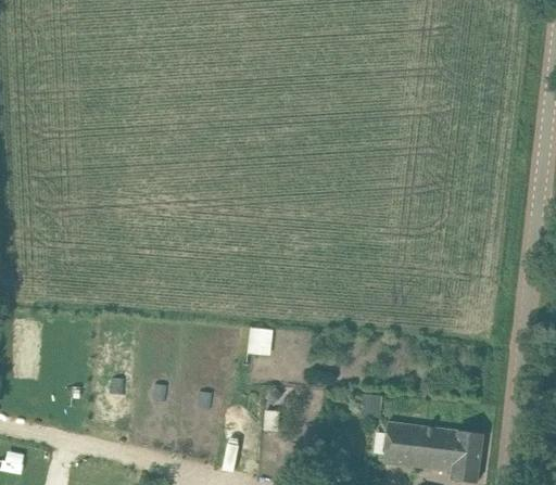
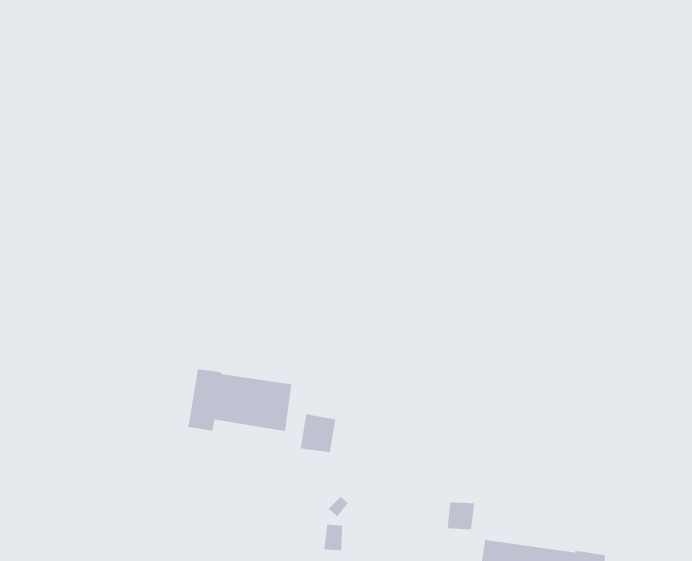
building: none -> [188,368,292,432]

